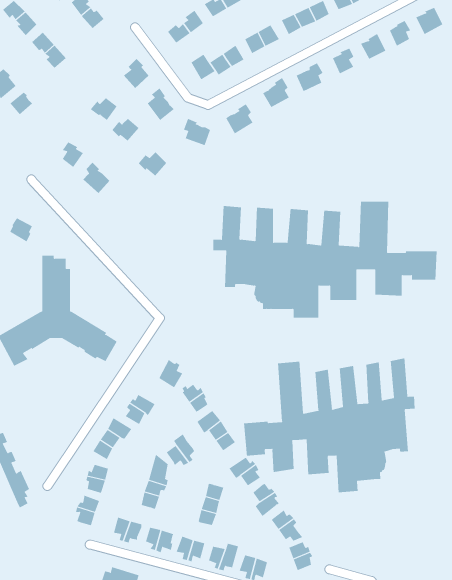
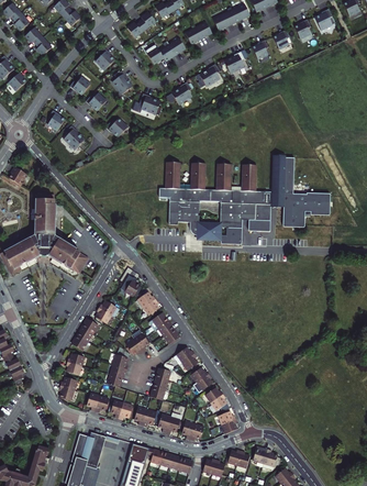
building: [244,358,415,493] -> none

